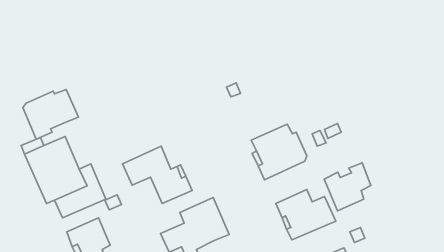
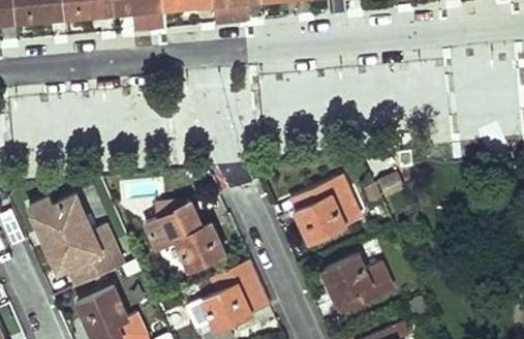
building: [23,89,79,139] -> none
building: [324,163,371,211] -> none

